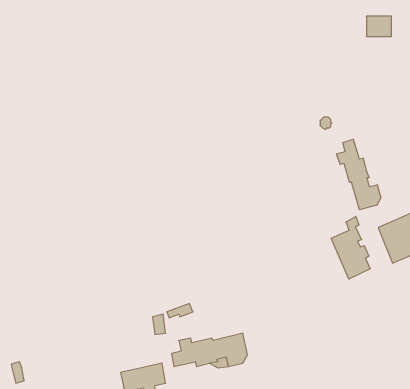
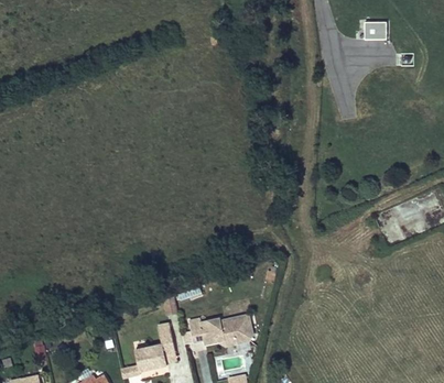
building: [337,139,381,210] -> none
building: [331,216,370,279] -> none

